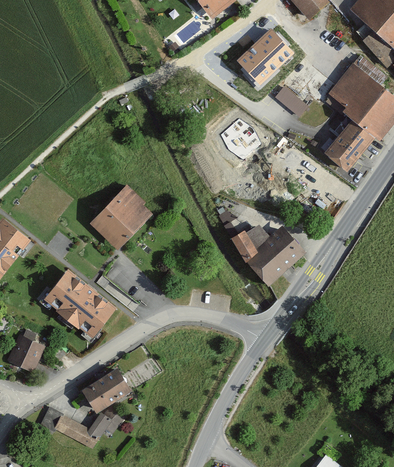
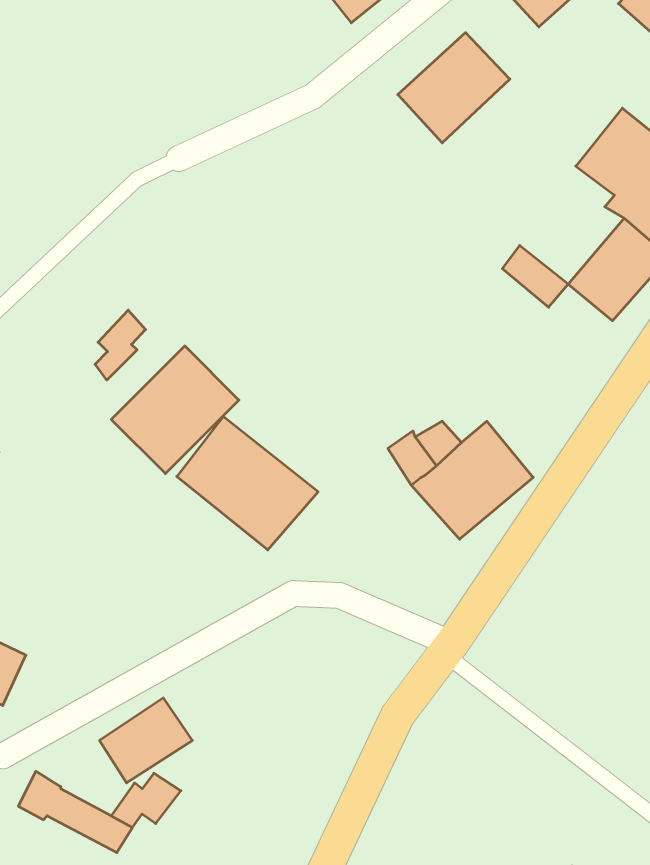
building: [275,83,309,115] -> [502,245,568,307]
building: none -> [95,310,146,380]
building: [43,270,116,339] -> [177,416,318,550]

